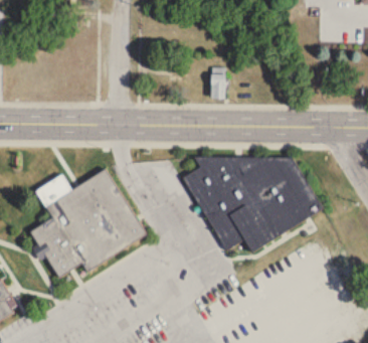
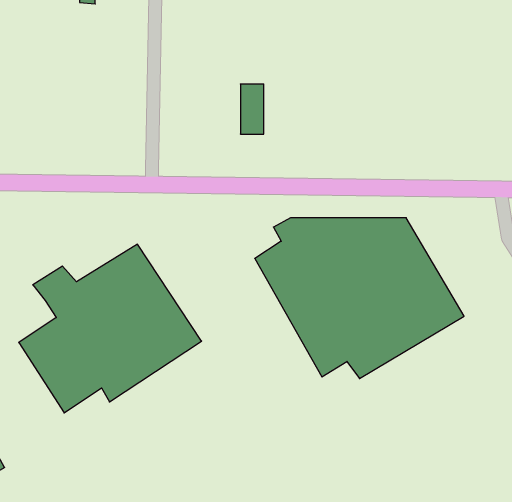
building: [210,71,225,104] -> [240,84,264,134]

